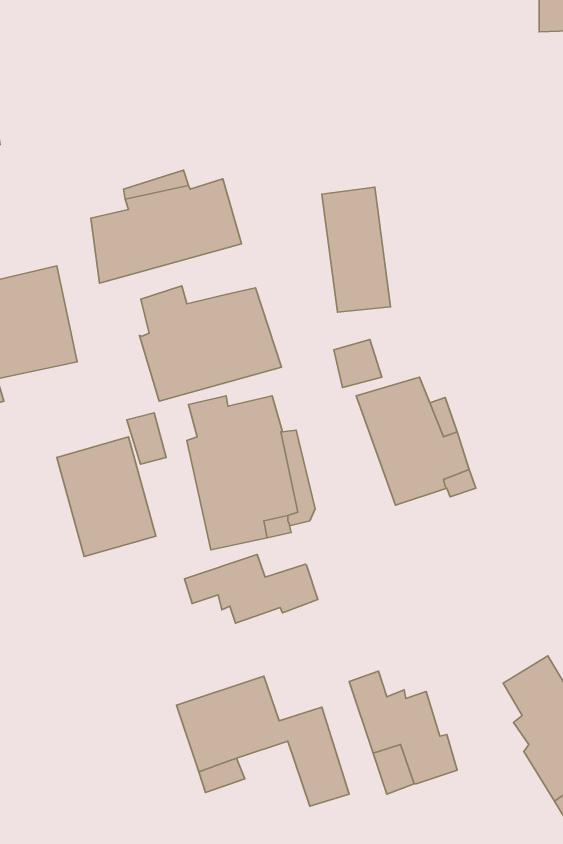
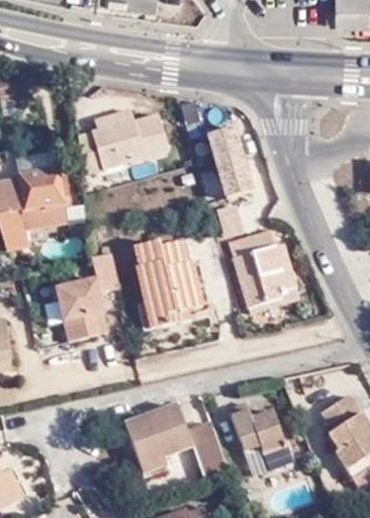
building: [139,286,282,401] -> none
building: [184,554,318,623] -> none

